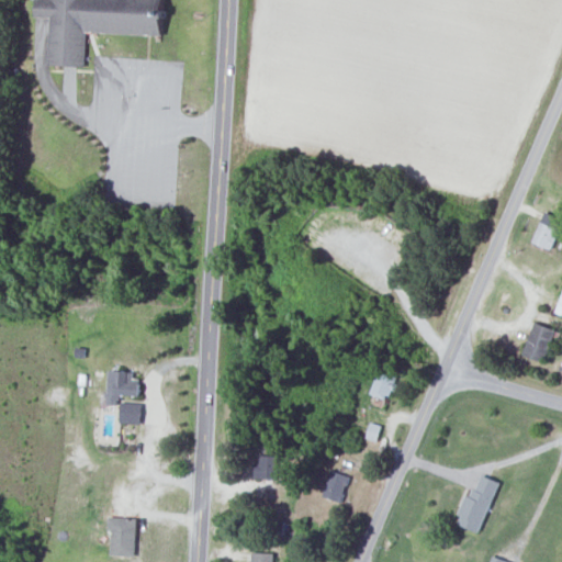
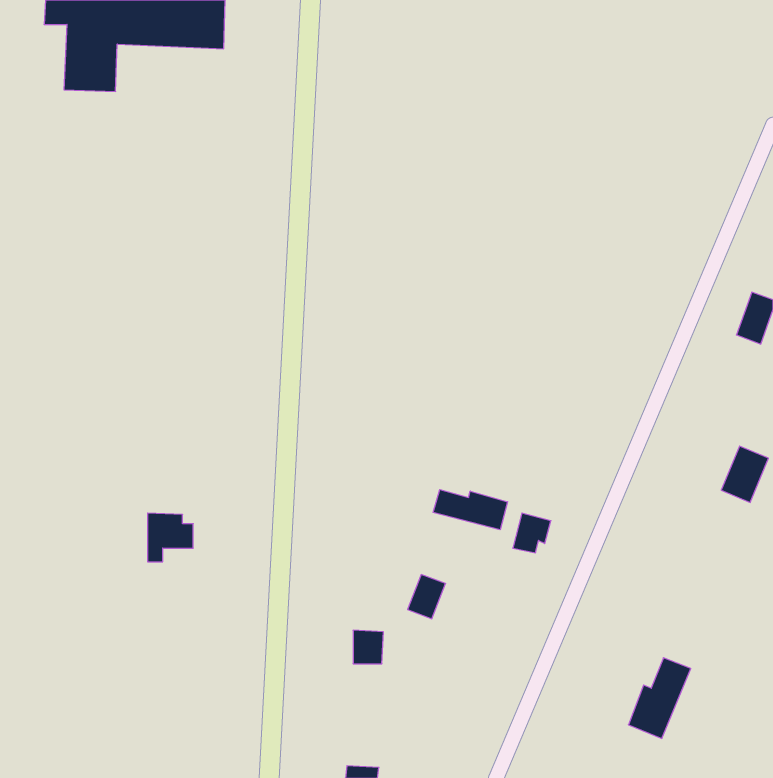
building: none -> [433,490,508,530]
building: [119,401,140,424] -> none
building: [321,470,348,502] -> [408,575,446,619]
building: [108,517,135,555] -> none

